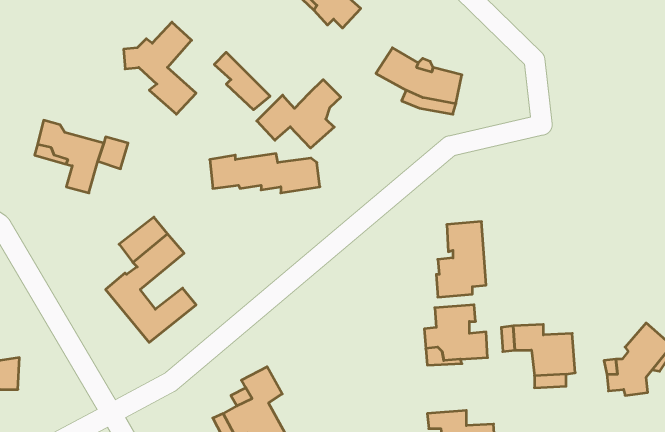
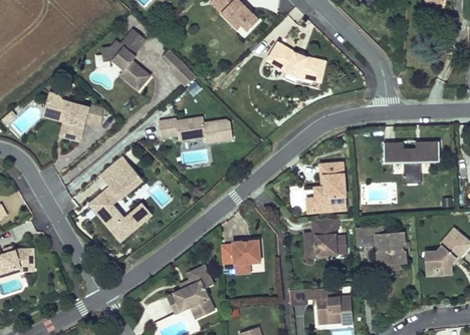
building: [257,80,341,148] -> none
building: none -> [383,141,439,185]
building: none -> [218,241,258,266]

